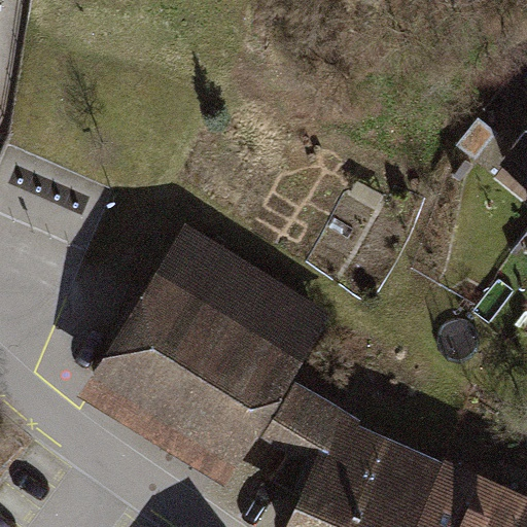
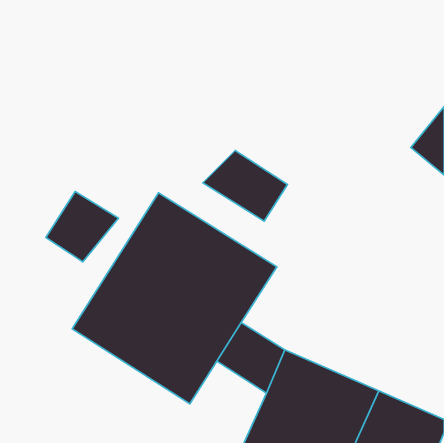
building: none -> [203,150,287,221]
building: none -> [46,191,119,262]

